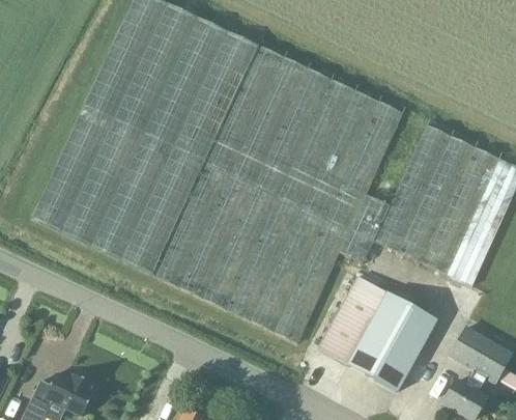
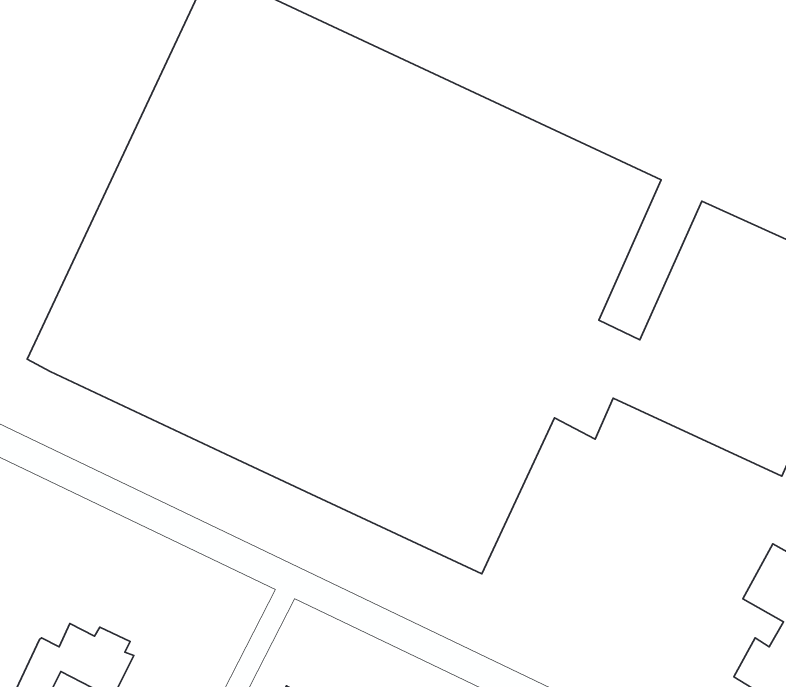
building: [317,275,437,391] -> none

